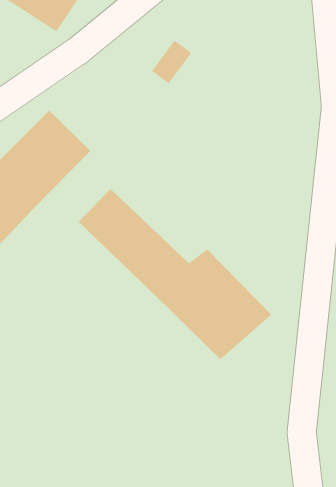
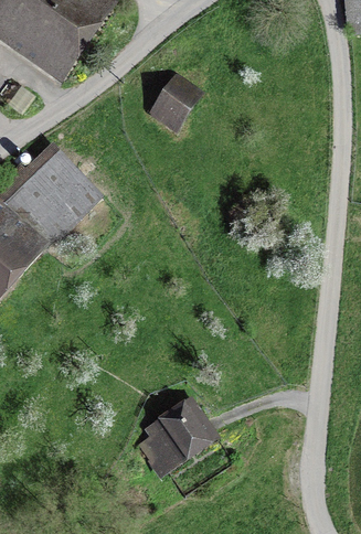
building: [78,188,272,360] -> none
building: none -> [148,406,212,464]

